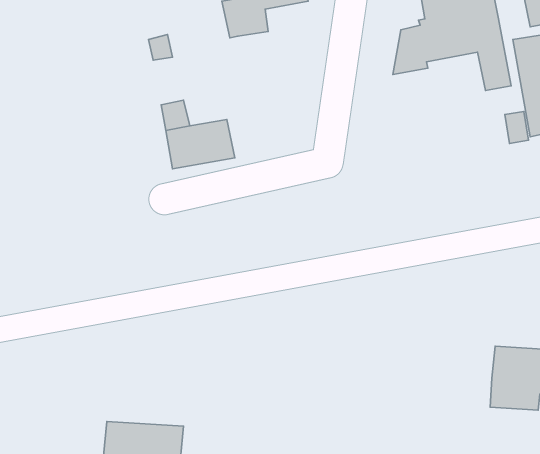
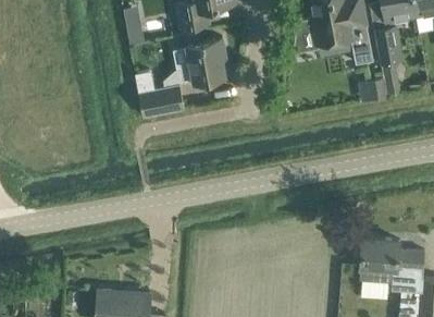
building: none -> [182,32,226,84]

